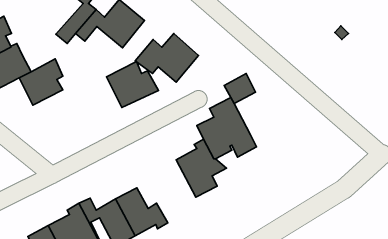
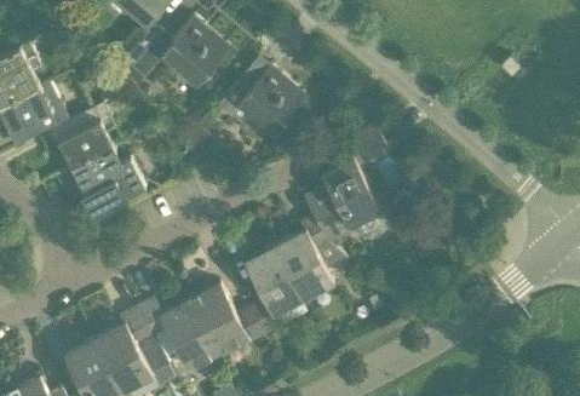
building: [107,62,159,108] -> [69,144,143,210]
building: none -> [243,243,300,332]

